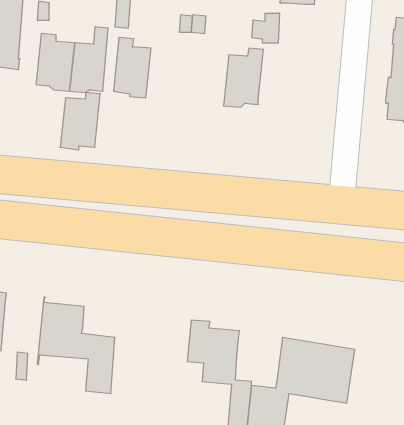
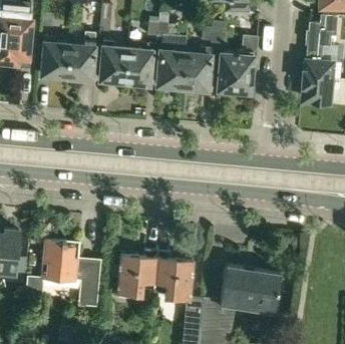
building: none -> [217,36,257,94]
building: none -> [156,44,186,90]
building: [60,92,100,150] -> [122,43,152,86]
building: none -> [116,250,156,295]

